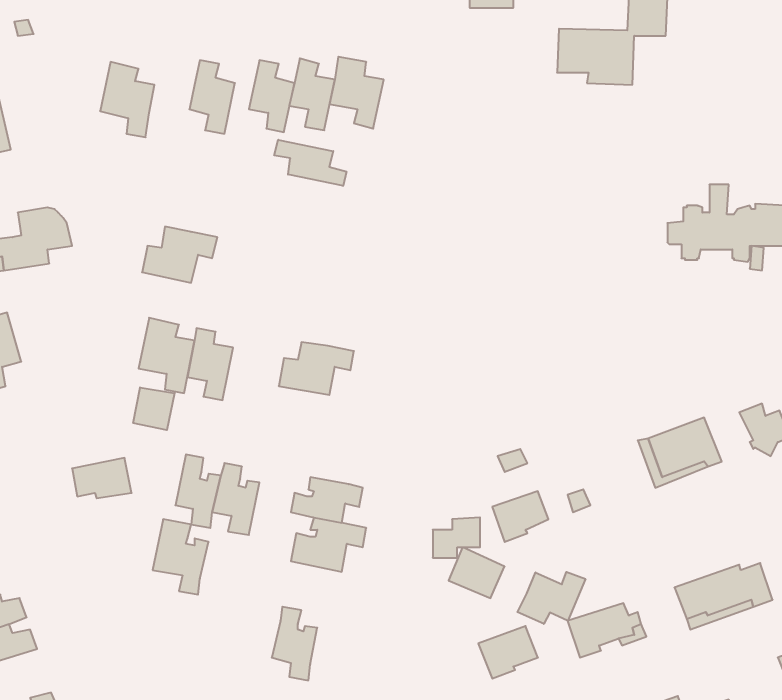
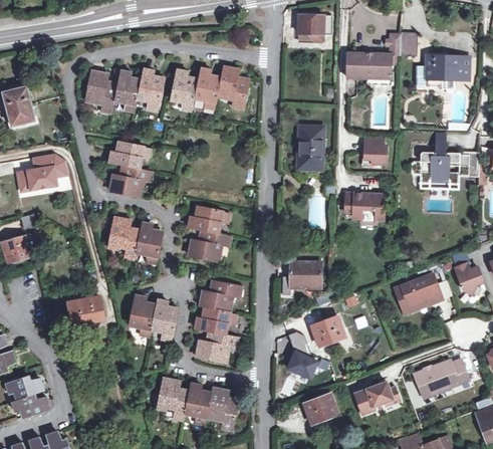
building: none -> [412,57,468,92]
building: none -> [113,70,140,113]
building: [274,140,346,186] -> none
building: none -> [296,124,322,169]
building: none -> [362,136,387,164]
building: none -> [108,143,151,168]
building: none -> [344,193,384,224]
building: none -> [187,207,229,233]
building: [133,387,175,430] -> none
building: none -> [289,261,320,287]
building: none -> [199,280,242,312]
building: [153,519,209,595] -> [157,378,189,421]
building: [517,572,585,624] -> none
building: none -> [206,387,238,431]

